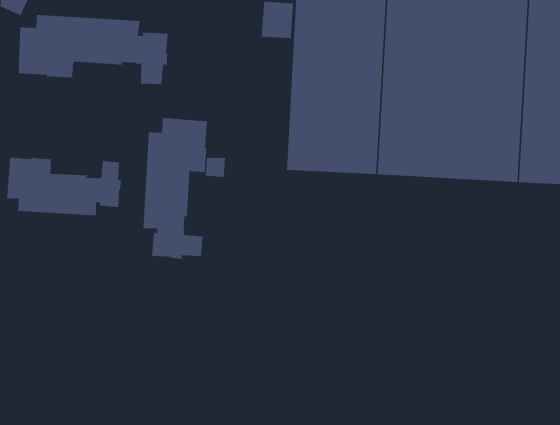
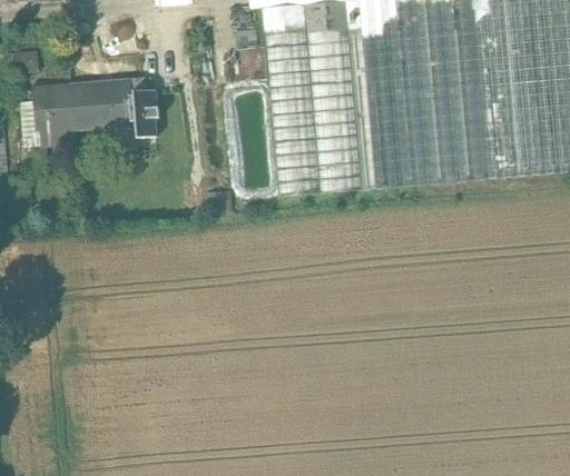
building: [143,117,207,259] -> none
building: [6,157,121,216] -> none

